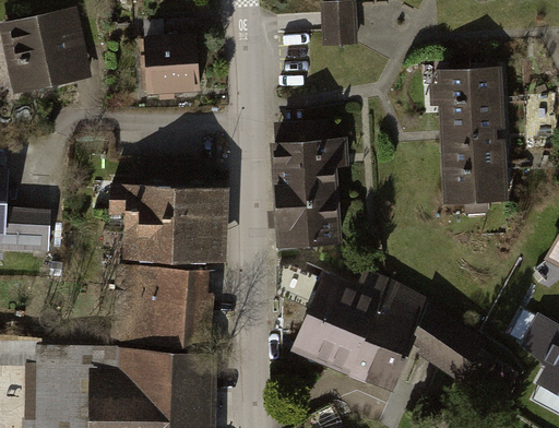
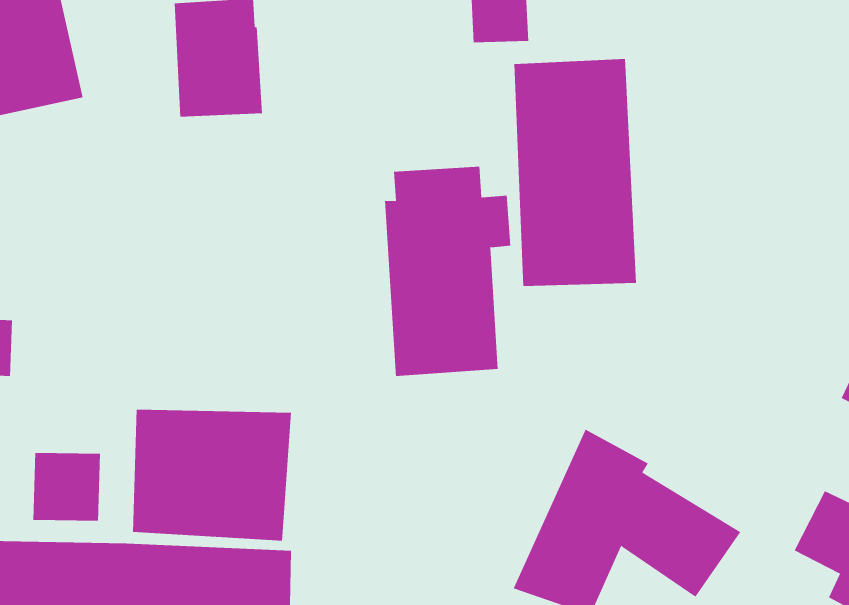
building: [436,67,510,204] -> [514,58,637,287]
building: [115,185,229,263] -> none
building: [292,268,391,373] -> none
building: none -> [33,452,101,522]

